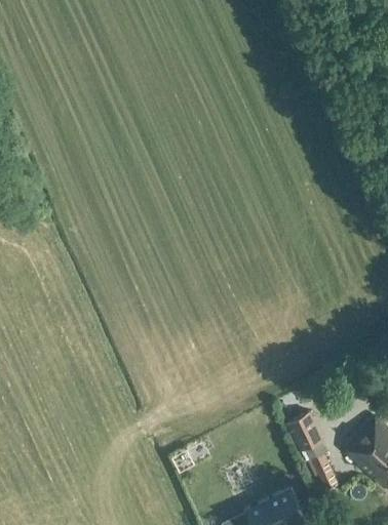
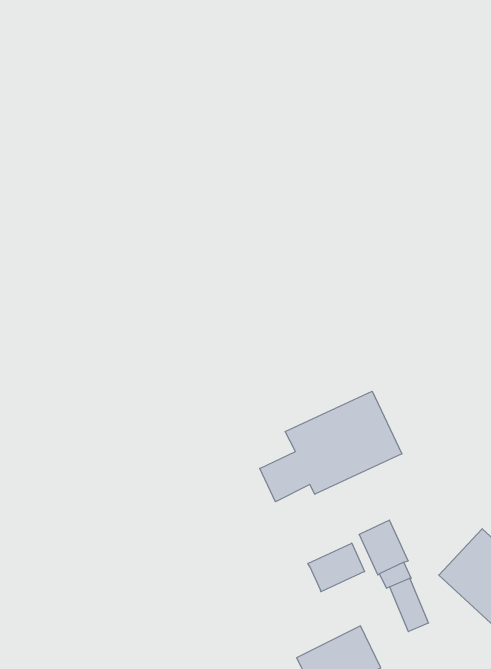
building: none -> [260,391,402,502]
building: none -> [308,543,365,592]

